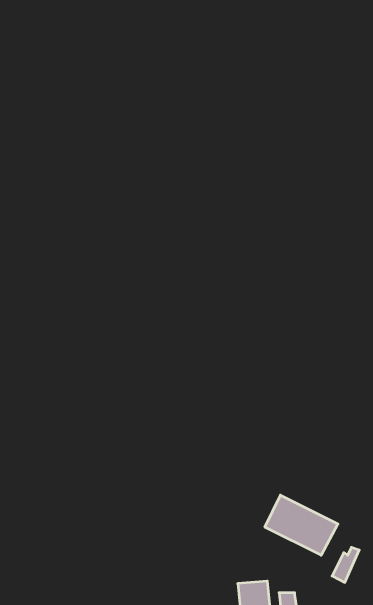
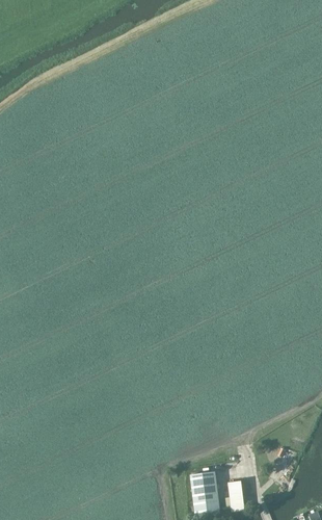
building: [265,495,338,555] -> none

